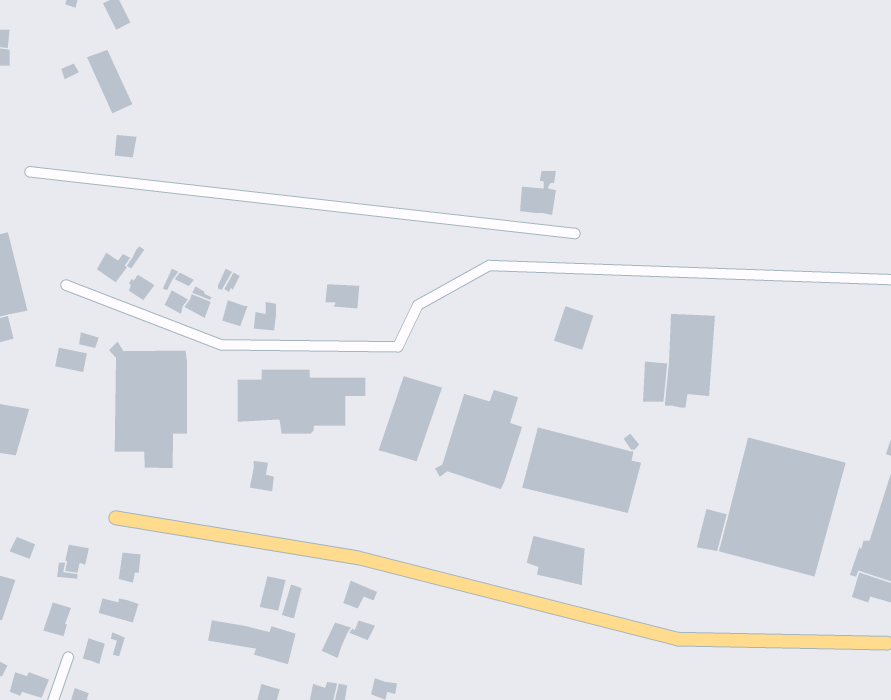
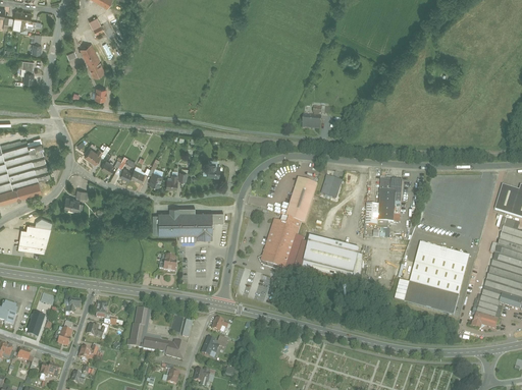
building: [108,340,188,469] -> none
building: [377,375,443,463] -> [284,178,318,223]
building: [526,535,585,586] -> none
building: none -> [125,307,161,347]

